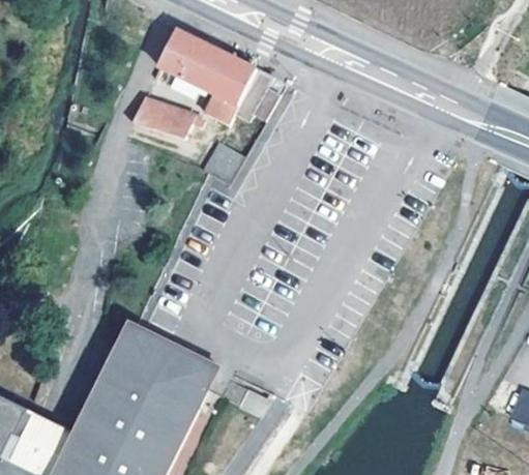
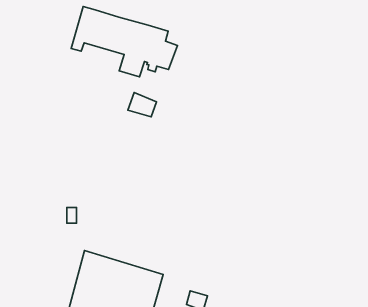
building: [133,98,190,139] -> none

